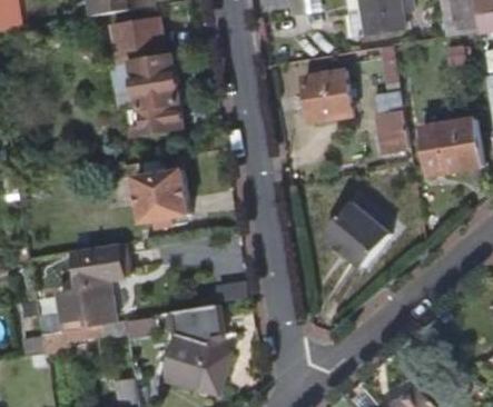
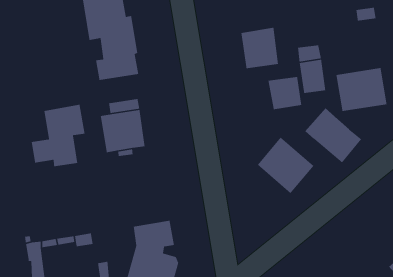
building: none -> [268,76,302,110]
building: none -> [305,108,362,164]
building: [58,247,125,324] -> [31,104,86,167]

